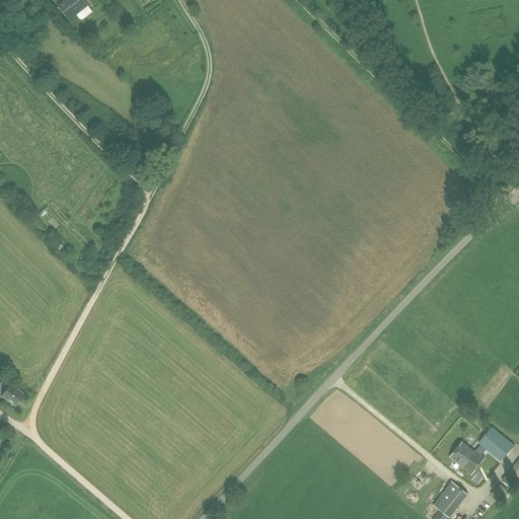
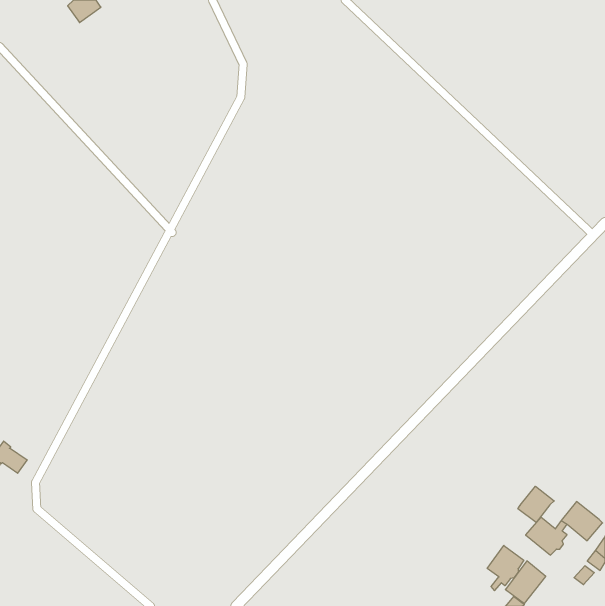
building: none -> [518,486,554,523]
building: none -> [487,545,524,591]

